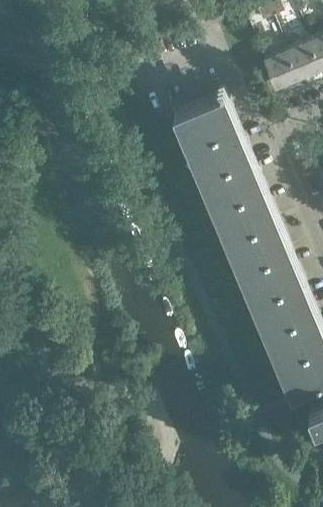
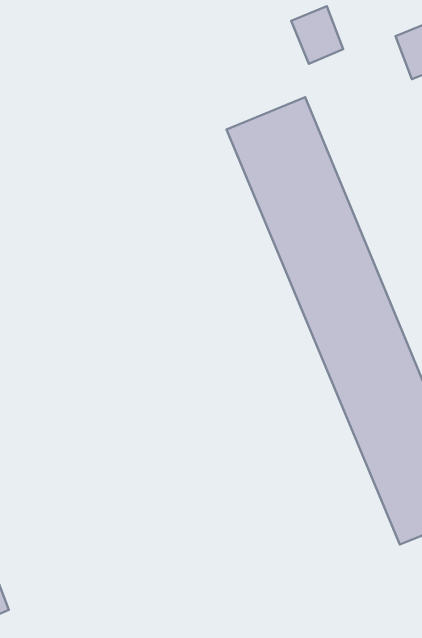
building: [260,54,295,93] -> [291,6,343,64]

